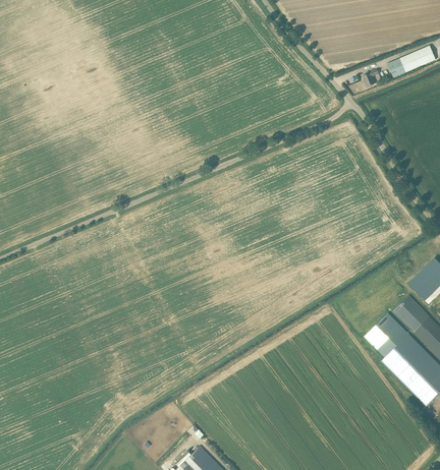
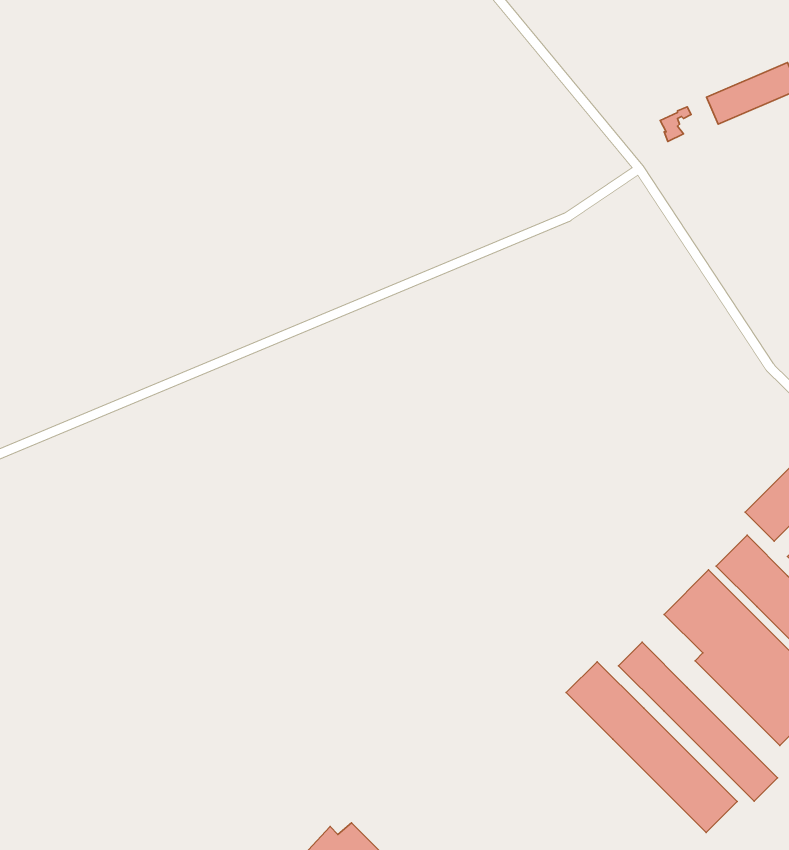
building: none -> [619,642,778,801]
building: none -> [566,662,737,832]

